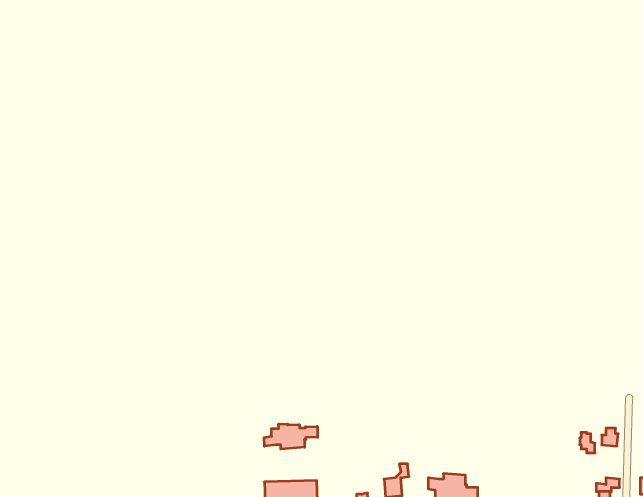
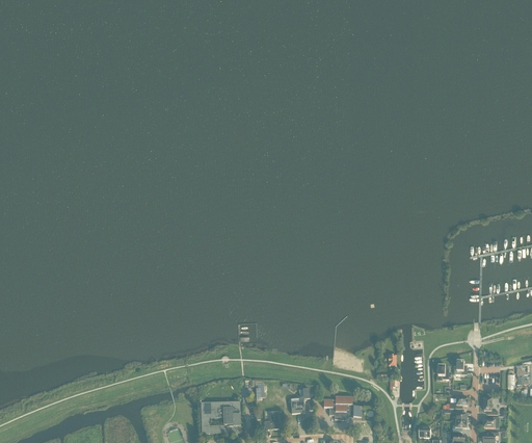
building: [264,424,318,449] -> none

